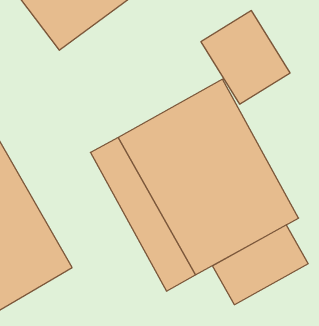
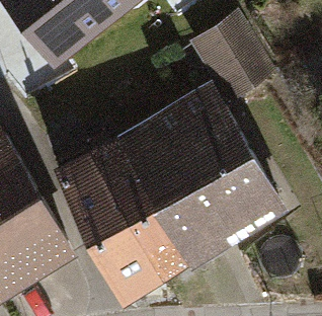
building: none -> [52,151,159,301]
building: [213,225,308,305] -> none

